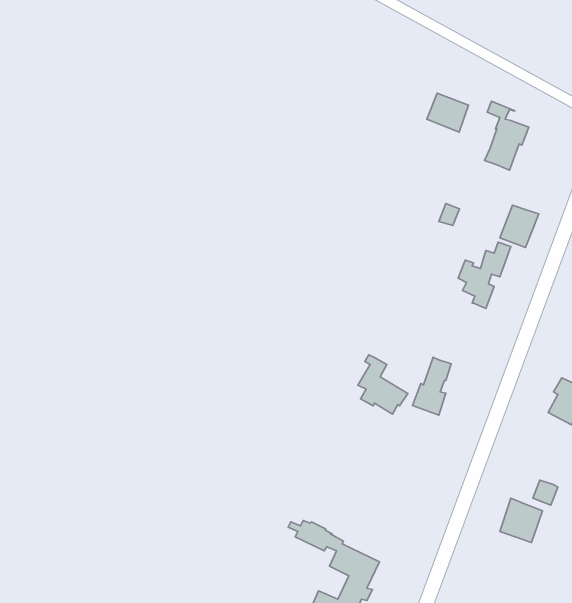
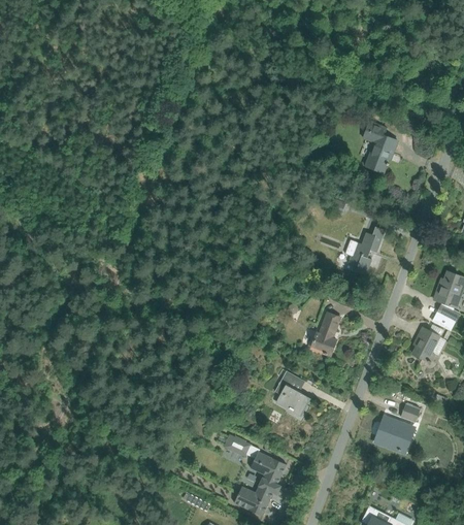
building: [427,93,468,132] -> none
building: [500,205,539,248] -> none
building: [358,355,408,414] -> [274,369,311,414]

